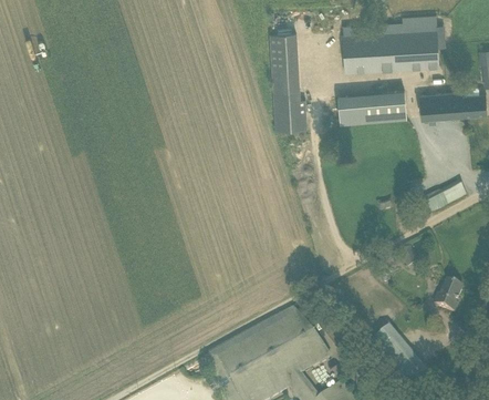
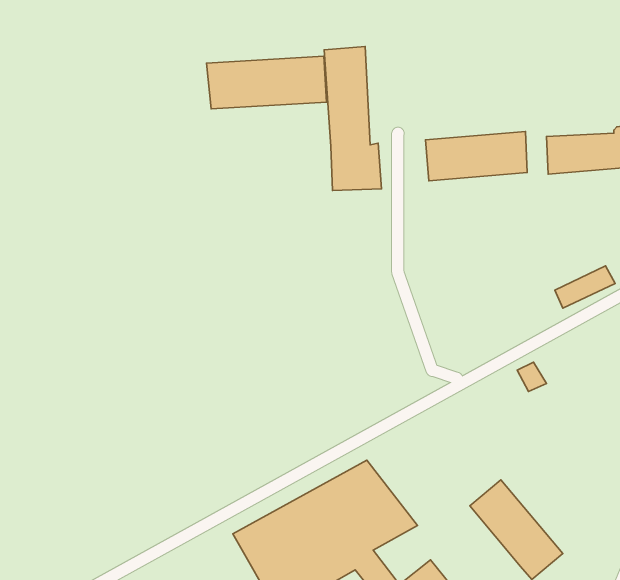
building: [341,14,445,73] -> none
building: none -> [206,56,327,109]
building: [431,280,461,314] -> none

